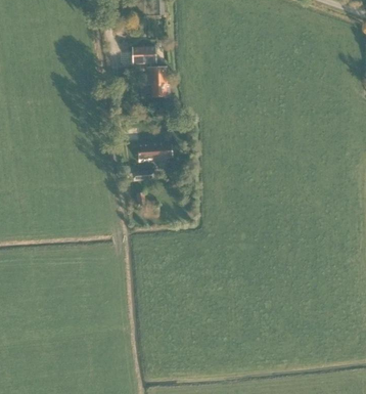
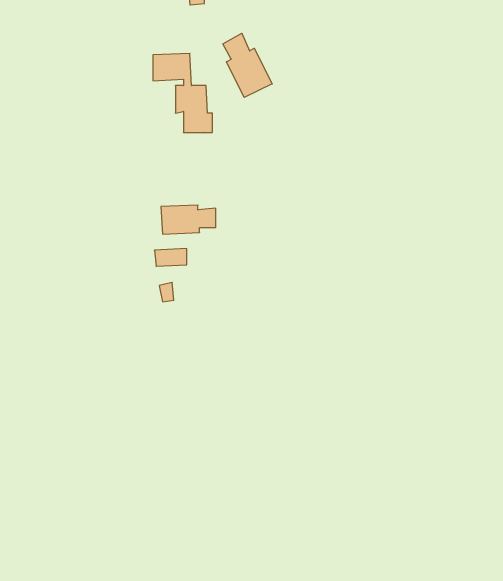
building: none -> [223,33,272,97]

